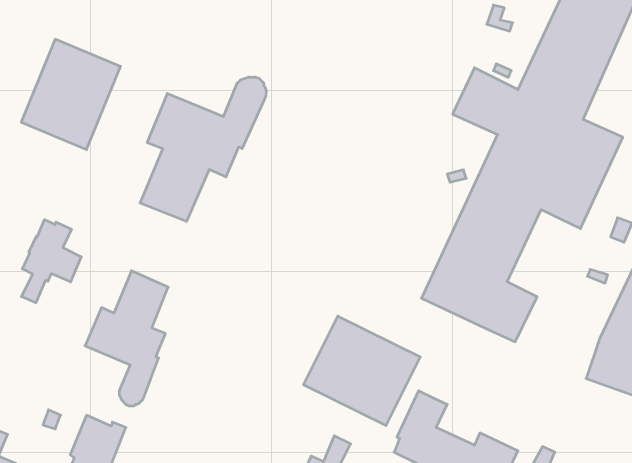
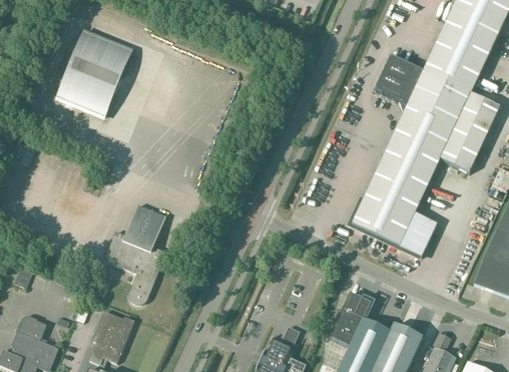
building: [140,77,266,221] -> none
building: [21,220,81,303] -> none
building: [304,316,420,426] -> none

